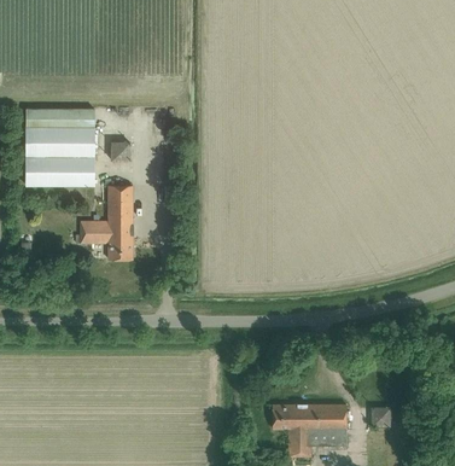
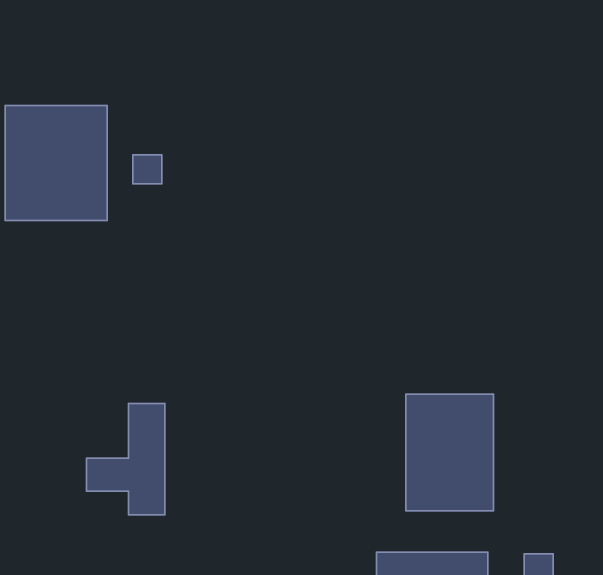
building: [81,185,133,258] -> [87,404,165,515]
building: none -> [406,394,494,511]

